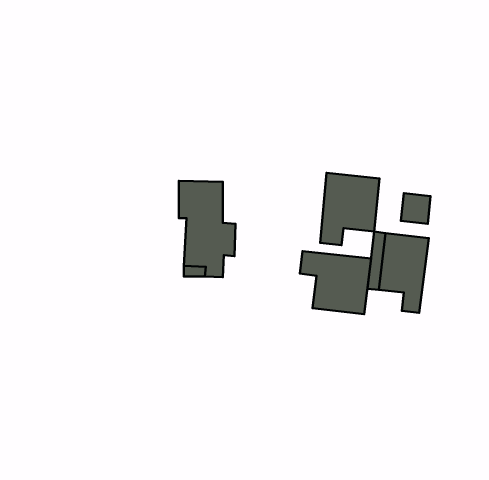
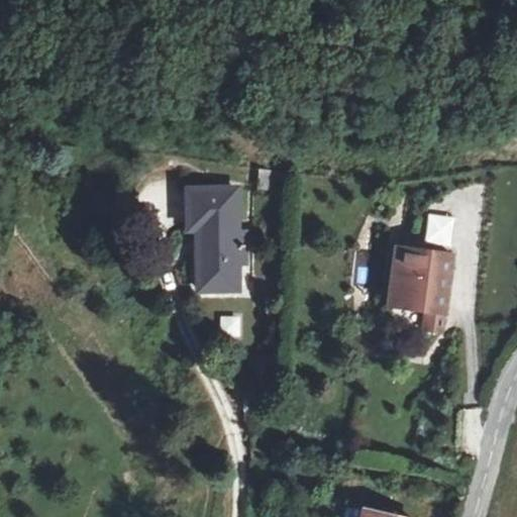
building: [320,173,380,245] -> none
building: [300,251,371,314] -> none

